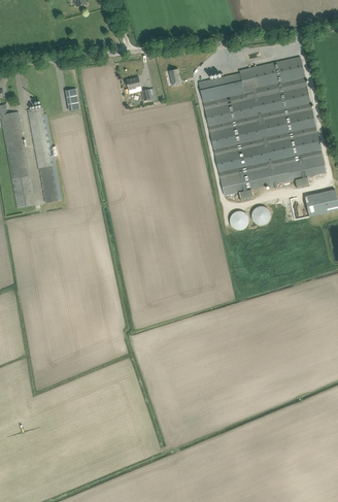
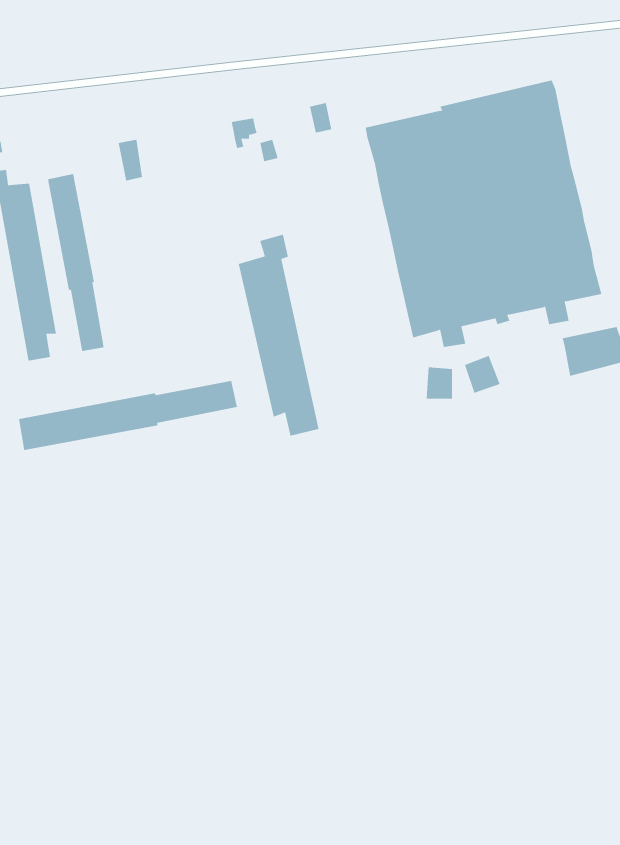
building: none -> [238,234,319,436]
building: none -> [18,380,237,451]

